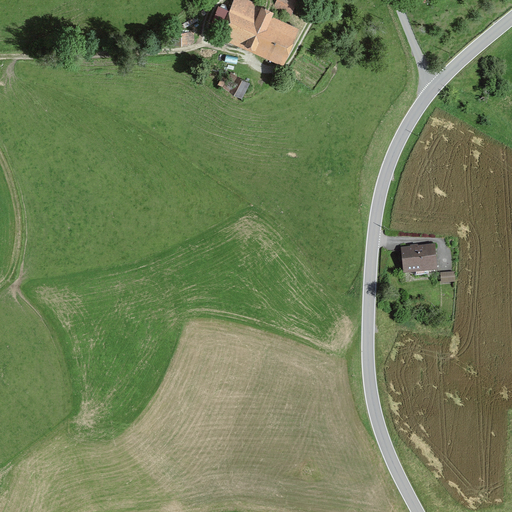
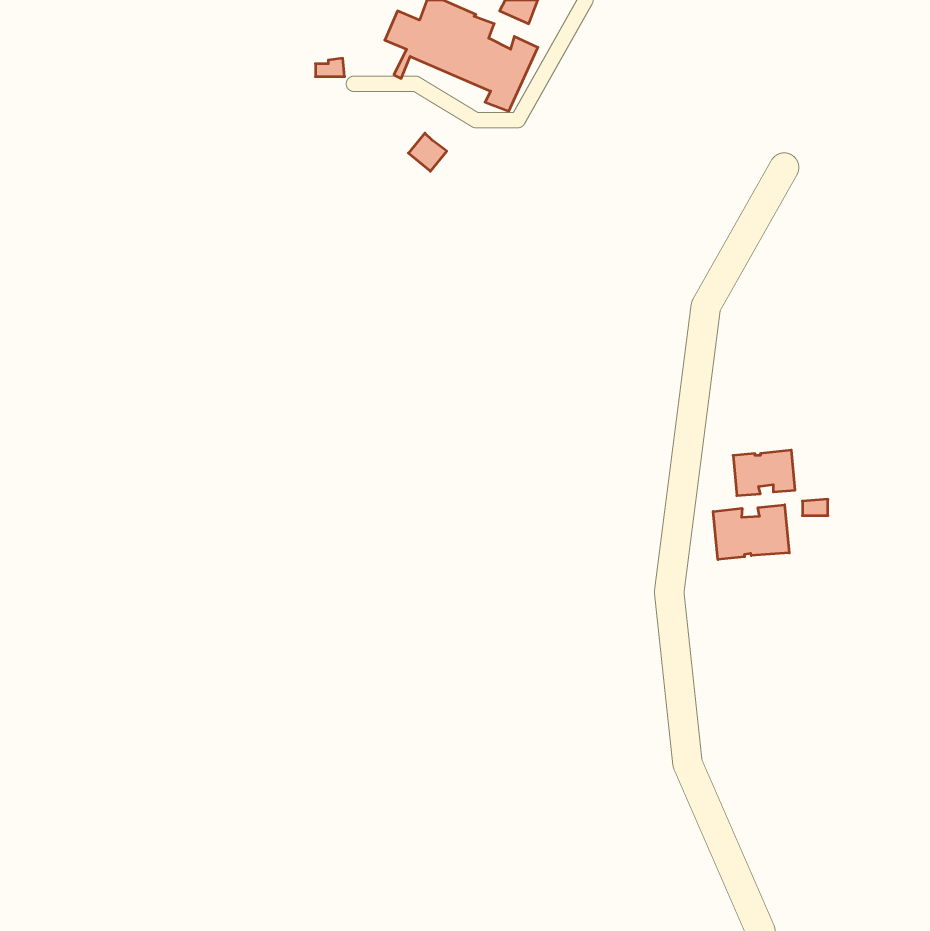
building: none -> [713,505,789,560]

